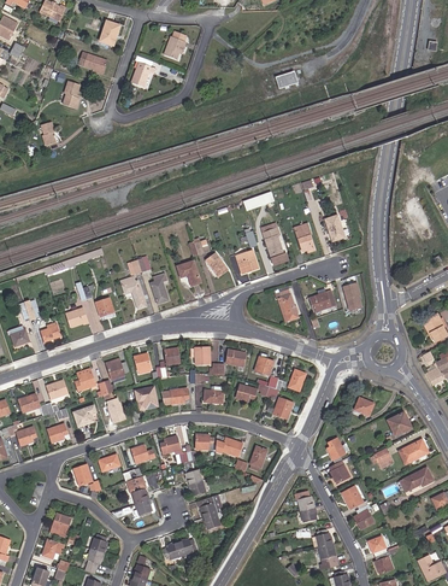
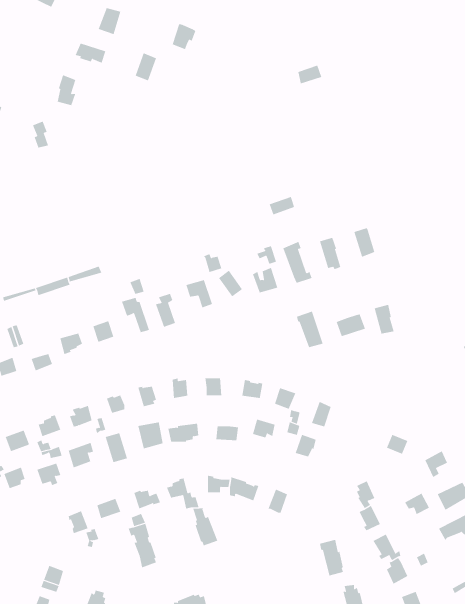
building: [198,494,223,529] -> none

